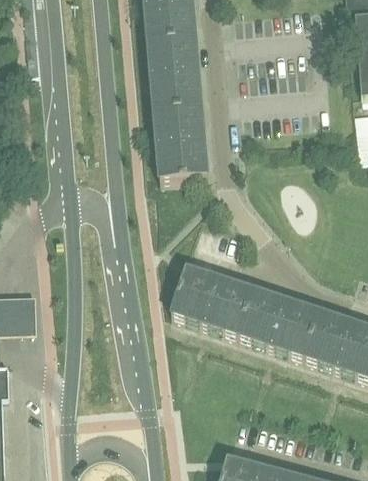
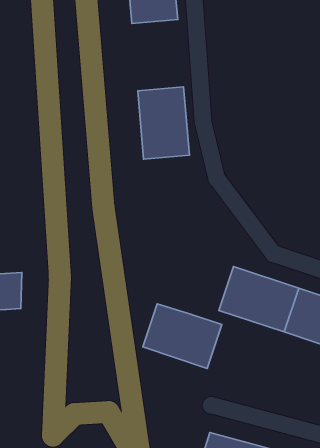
building: [148,36,201,109] -> none
building: [171,268,252,334] -> [143,304,222,368]

